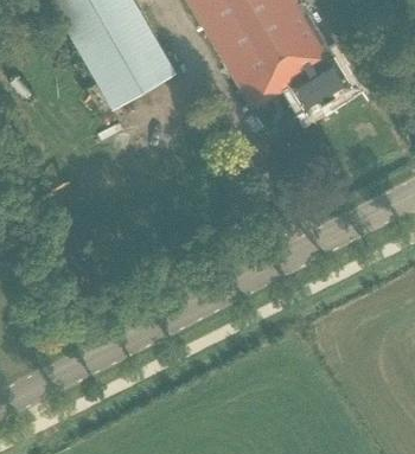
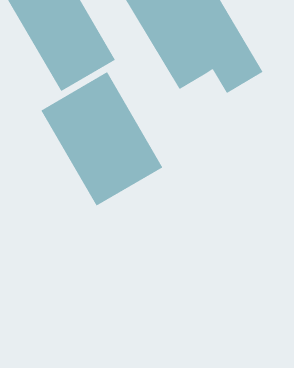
building: none -> [40,71,163,206]

